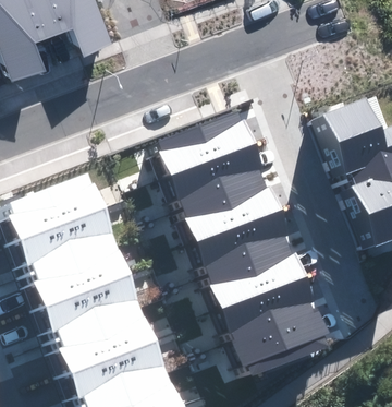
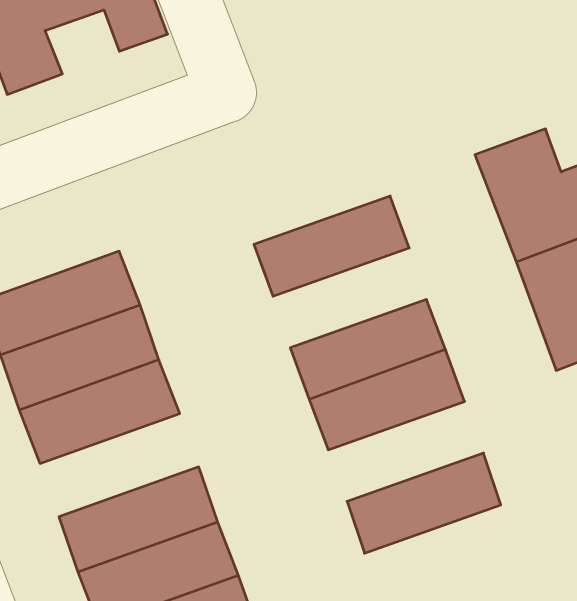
building: [159,116,257,179] -> none
building: [183,181,280,244] -> none
building: [218,278,316,342] -> none
building: [36,286,136,351] -> none

